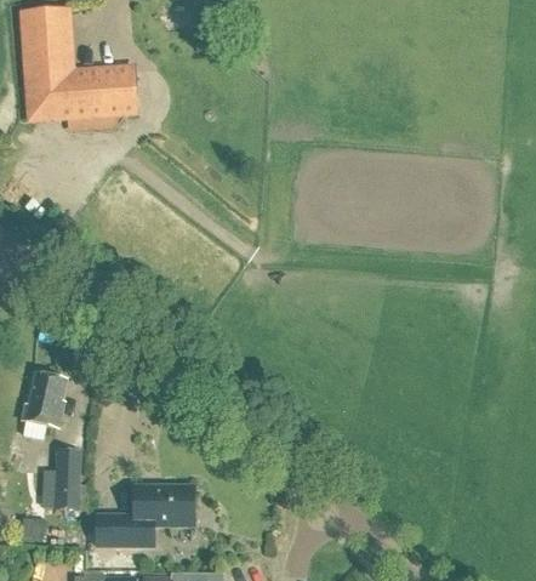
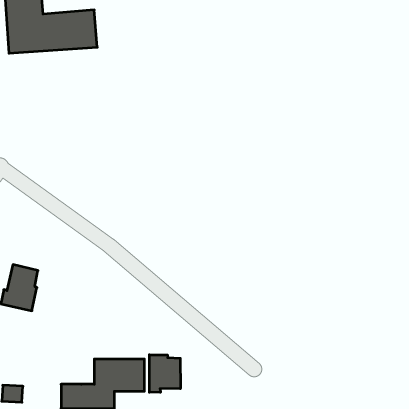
building: [53,446,80,509] -> none
building: none -> [149,355,180,392]

